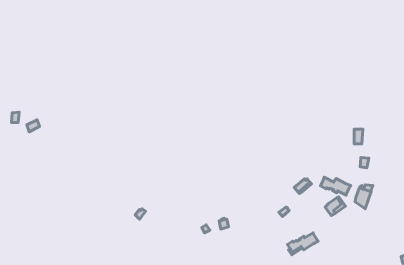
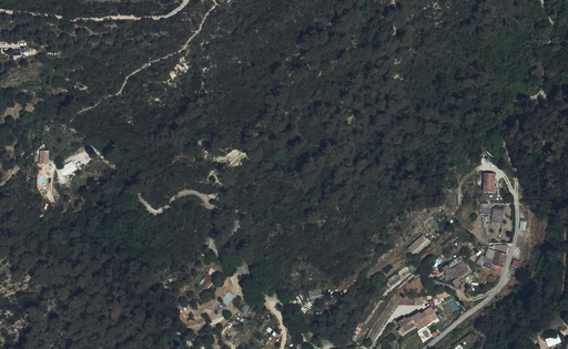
building: [321,177,351,195] -> none

